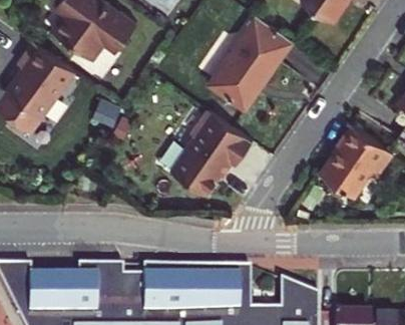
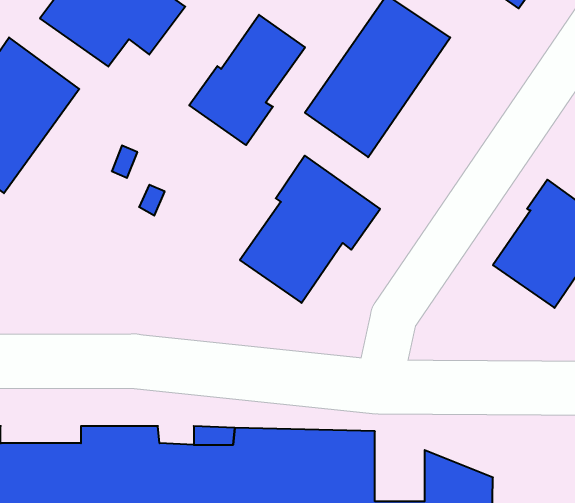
building: none -> [189,15,305,145]

